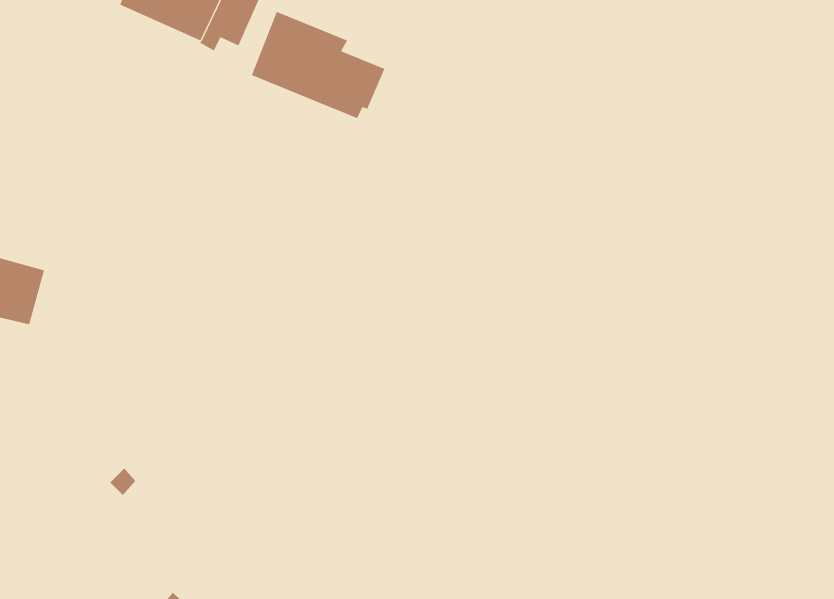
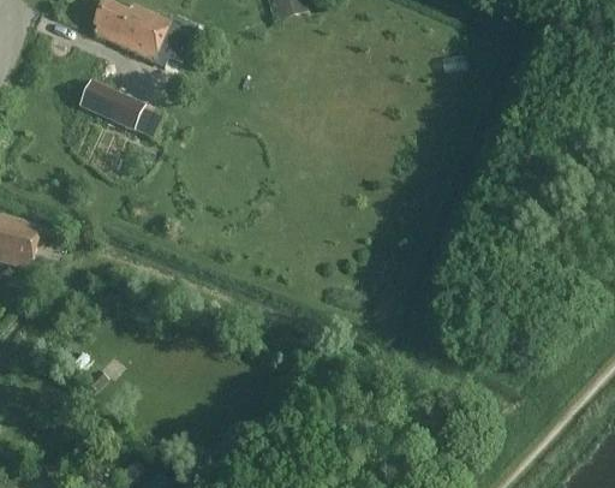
building: [251,11,385,119] -> none
building: none -> [77,79,144,130]

